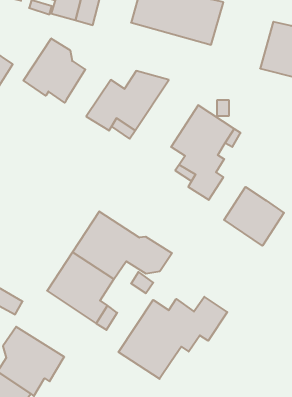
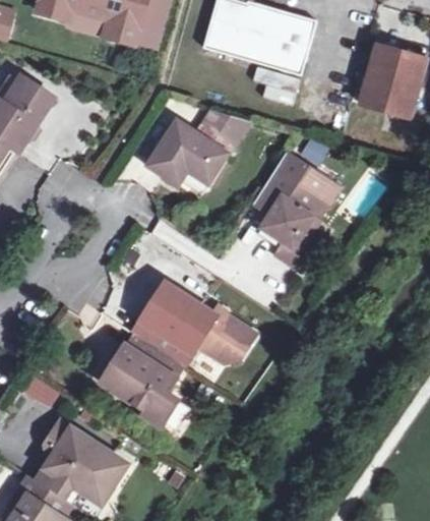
building: [23,38,85,103] -> none
building: [224,187,284,246] -> none
building: [119,297,227,379] -> none

